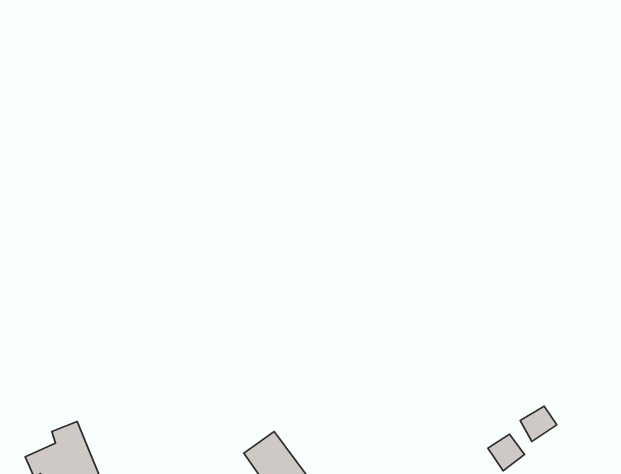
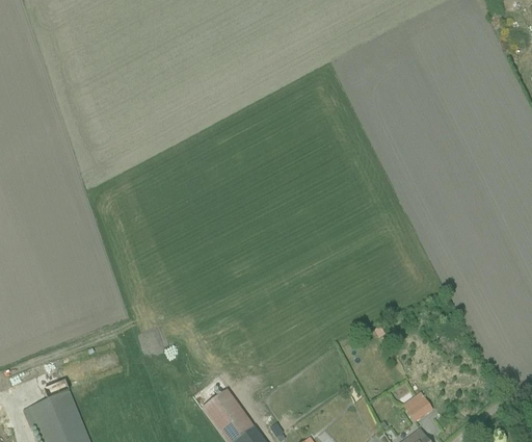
building: [520,406,557,442] -> none

